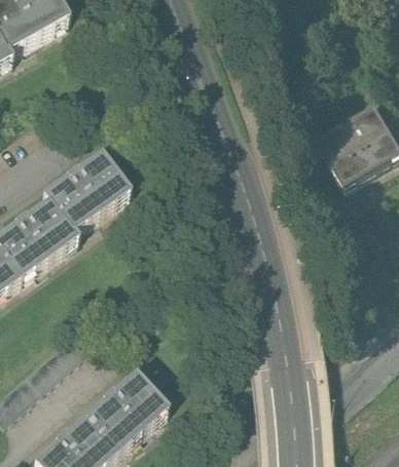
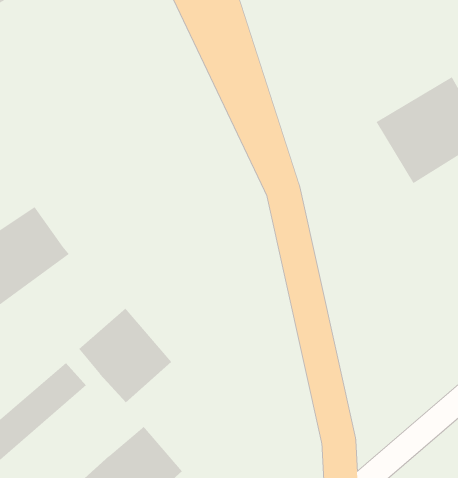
building: [41,158,126,238] -> none
building: none -> [78,308,172,403]

